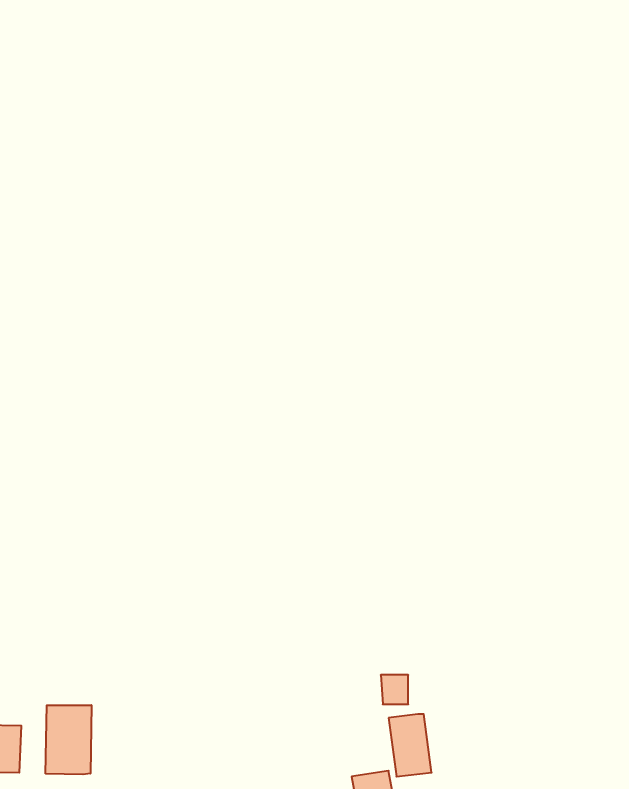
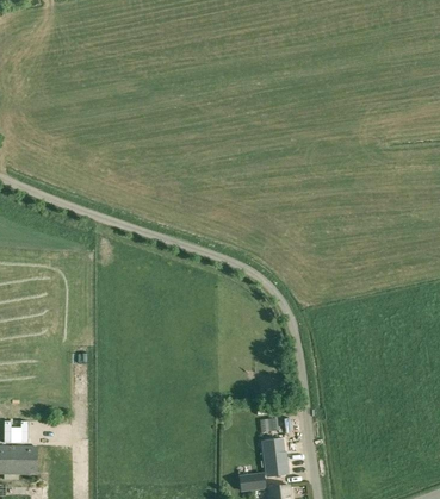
building: [46,705,91,774] -> none

